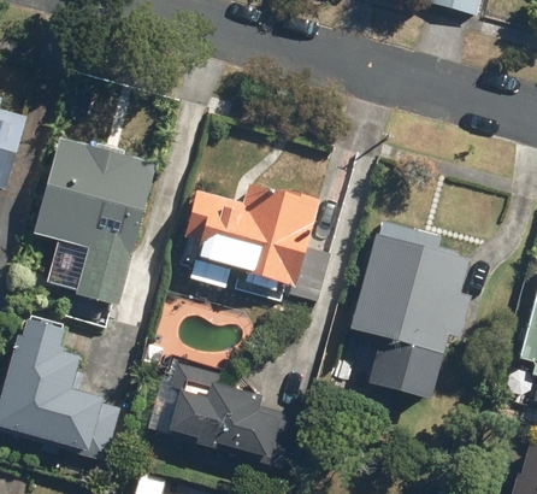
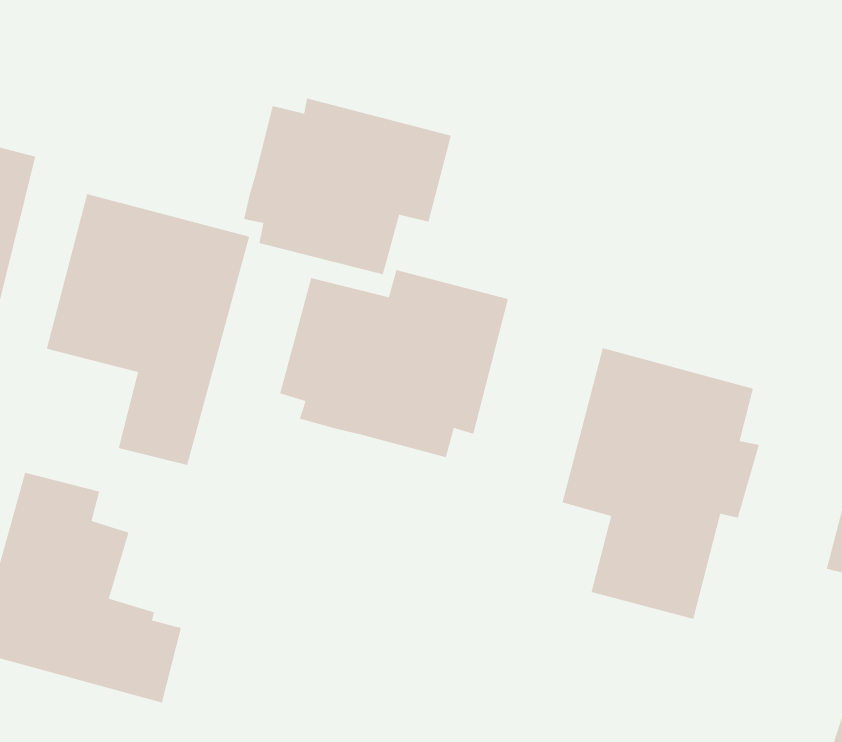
building: none -> [243,98,452,275]
building: [167,383,297,470] -> none

